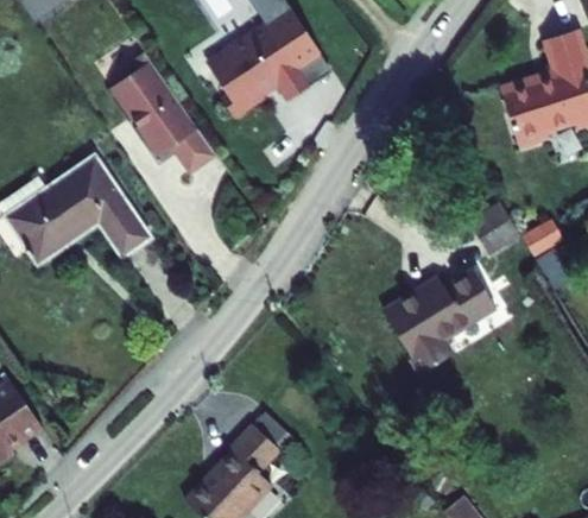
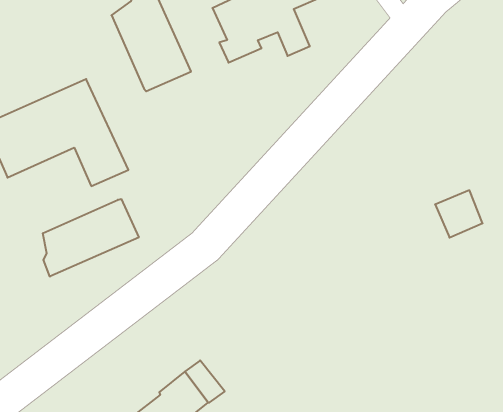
building: none -> [43,199,139,277]
building: [371,272,485,377] -> none

